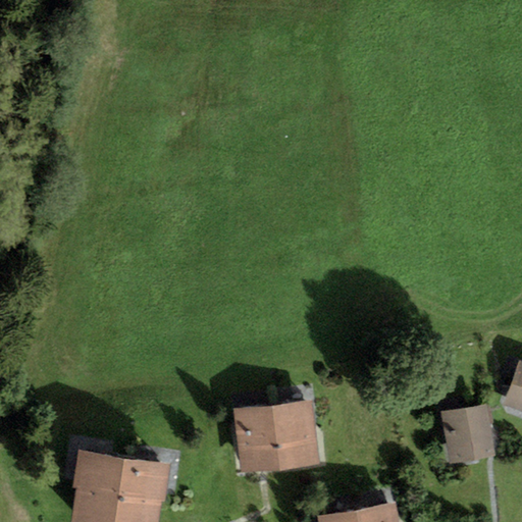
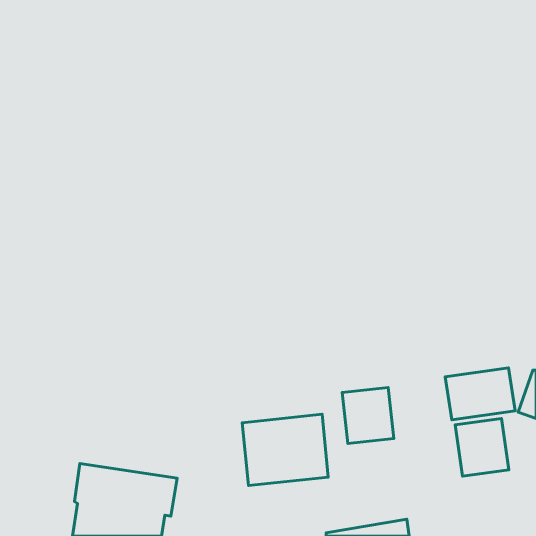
building: none -> [445,368,515,420]
building: none -> [342,388,394,444]

